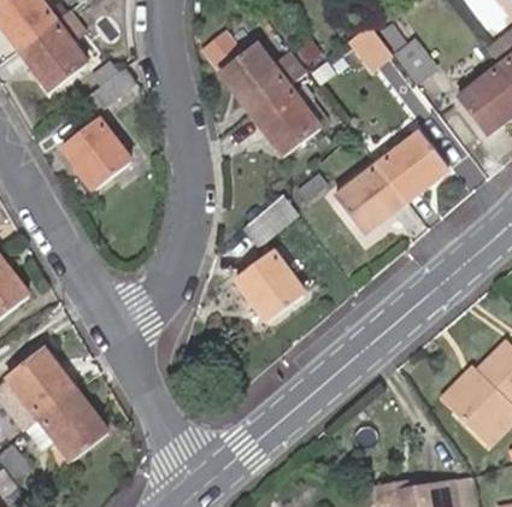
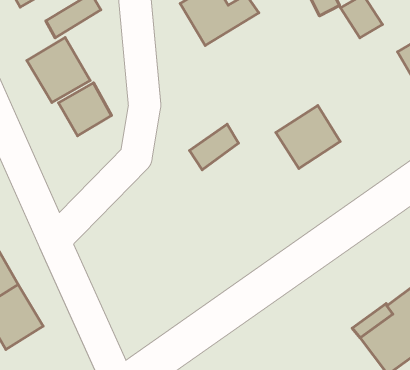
building: [251,84,319,154] -> none
building: [378,130,448,199] -> none
building: none -> [59,83,112,136]
building: [236,249,305,319] -> none

